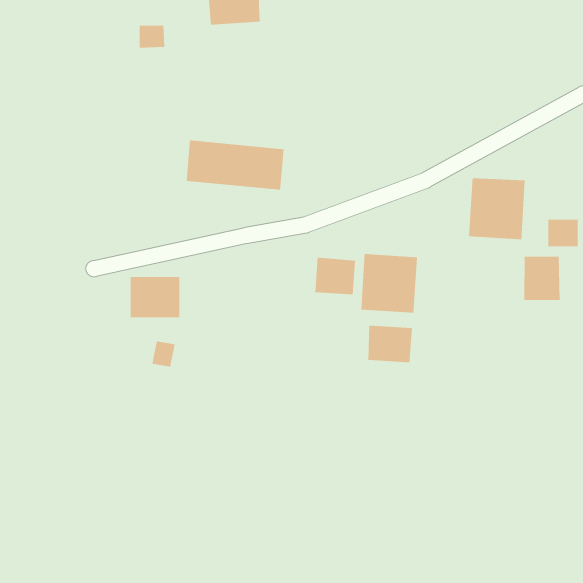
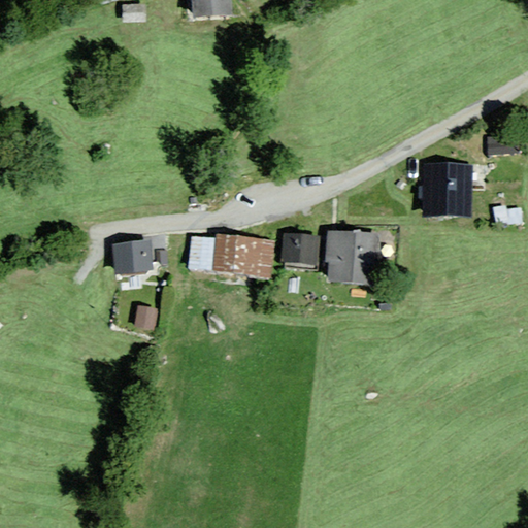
building: [186,140,284,190] -> [186,231,274,276]
building: [524,256,560,301] -> none
building: [368,325,412,363] -> none

